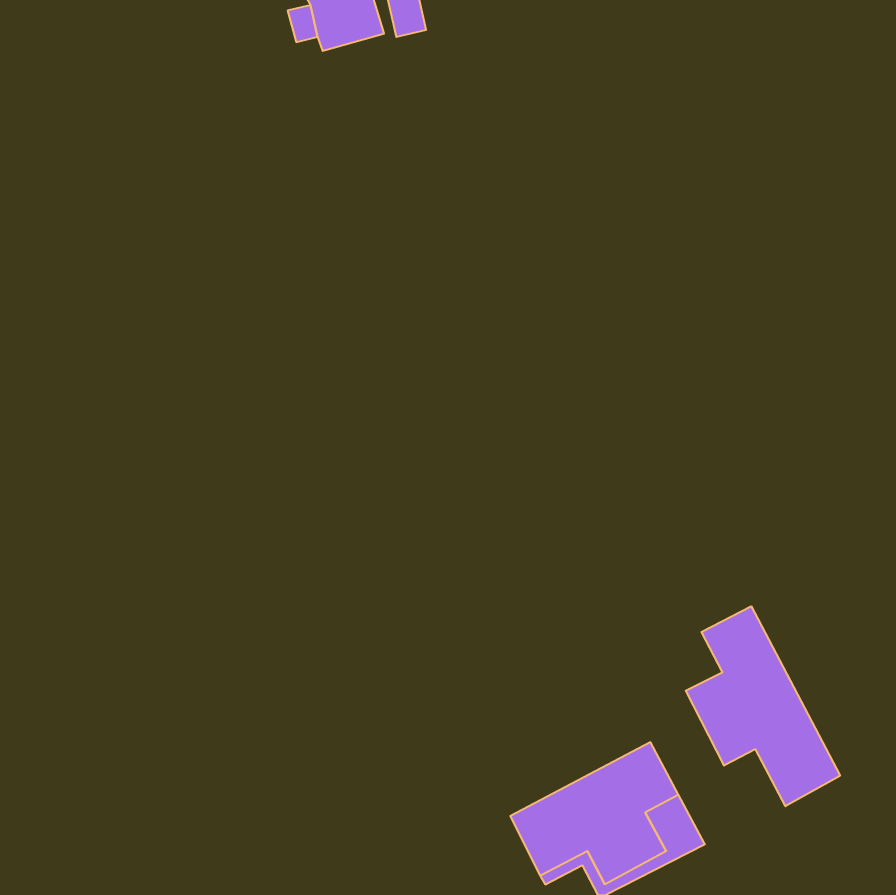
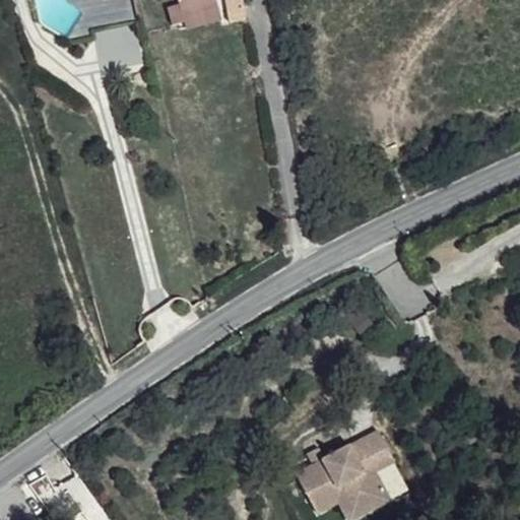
building: [686,606,840,806] -> none

